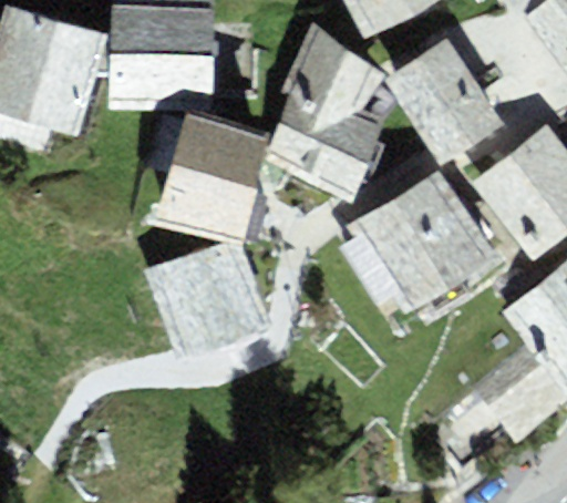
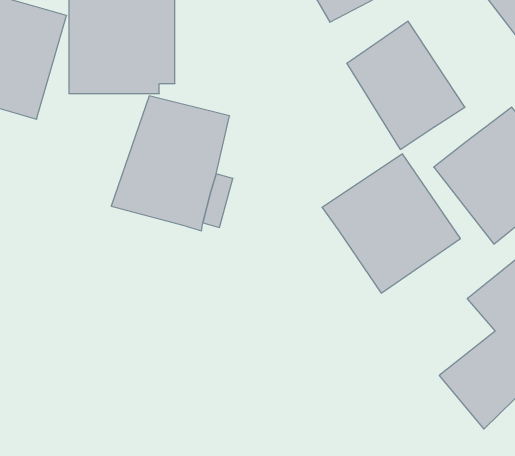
building: [269,24,386,206] -> none
building: [143,240,274,362] -> none

